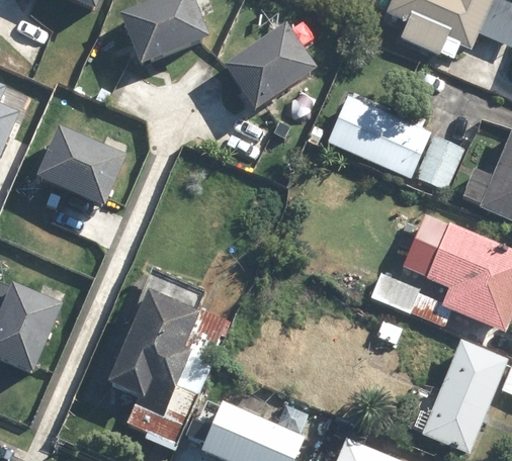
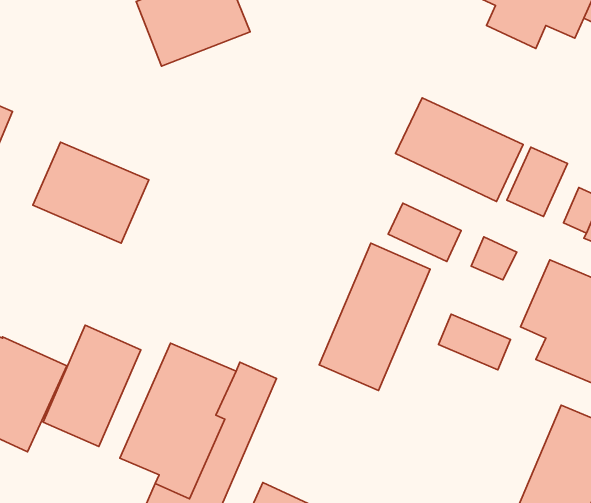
building: [227,27,319,113] -> none
building: none -> [388,203,461,262]
building: none -> [319,243,430,390]
building: none -> [43,325,141,447]

